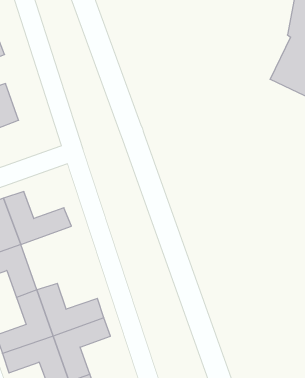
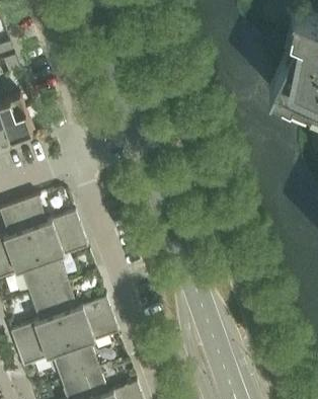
building: none -> [35,232,89,292]

